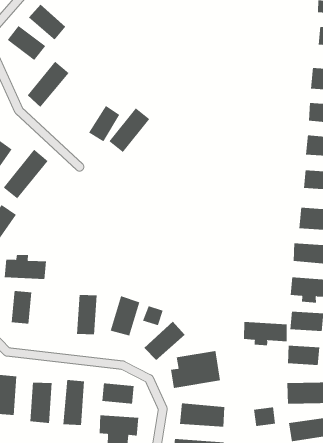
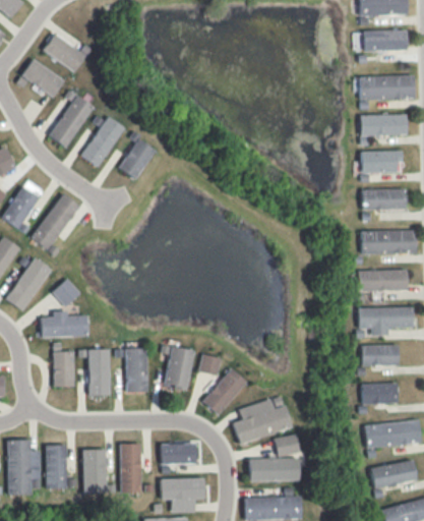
building: [108,108,150,153] -> [81,116,125,167]
building: none -> [53,279,80,306]
building: none -> [88,349,111,396]
building: [244,321,287,346] -> none
building: [253,407,276,426] -> [274,433,300,457]

